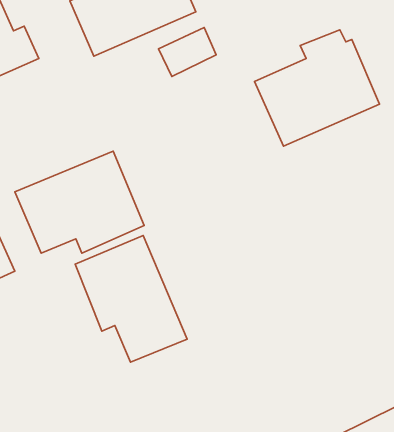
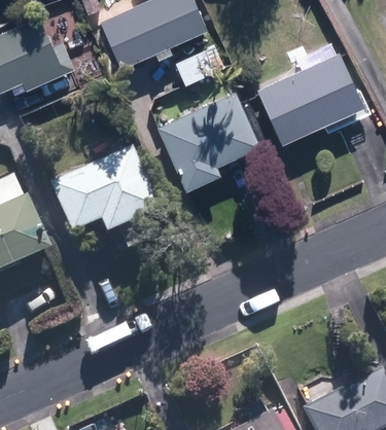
building: none -> [159,92,261,193]
building: [75,236,187,362] -> none

